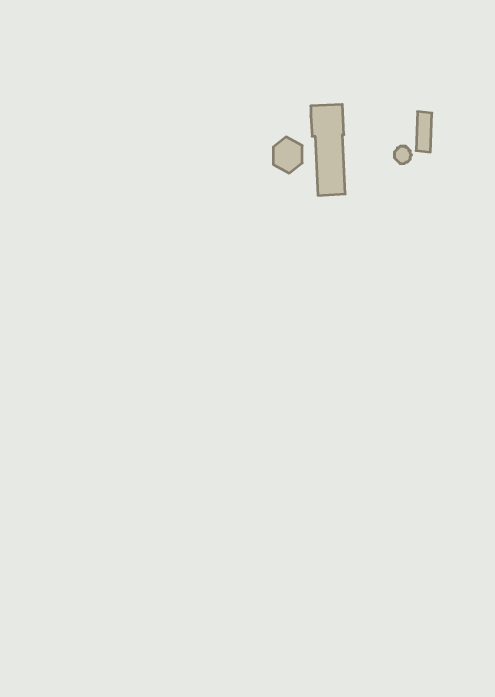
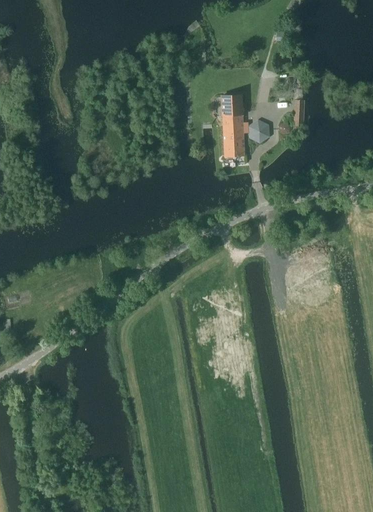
building: [273,137,302,173] -> [249,120,269,145]

